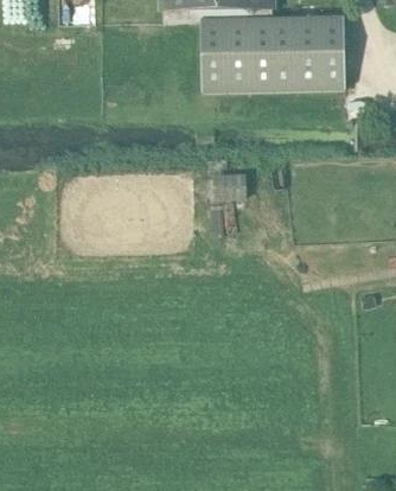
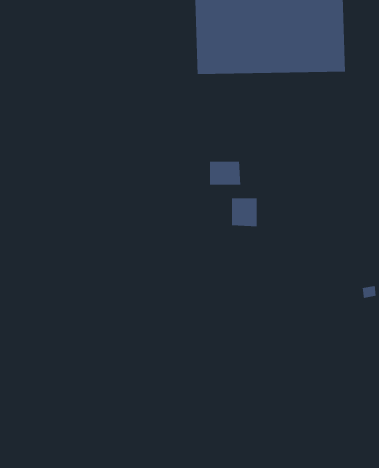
building: none -> [231,197,257,227]

